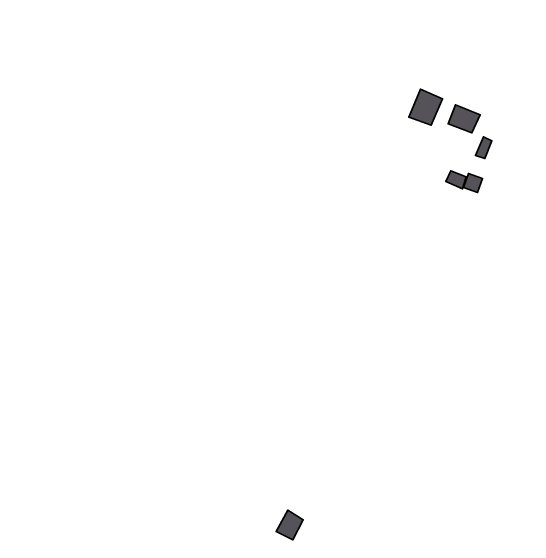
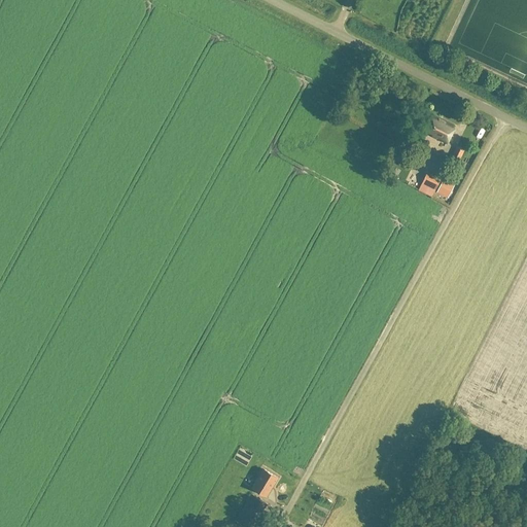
building: [409,89,443,125] -> none

